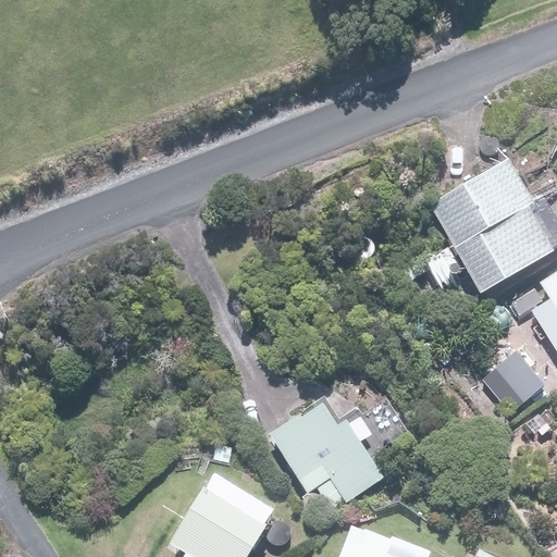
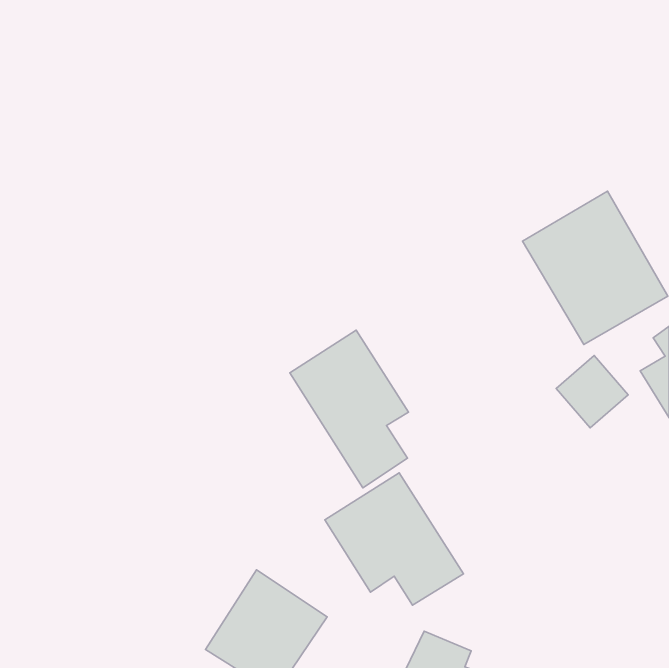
building: none -> [290,330,408,488]
building: [485,354,545,413] -> [556,356,628,428]

